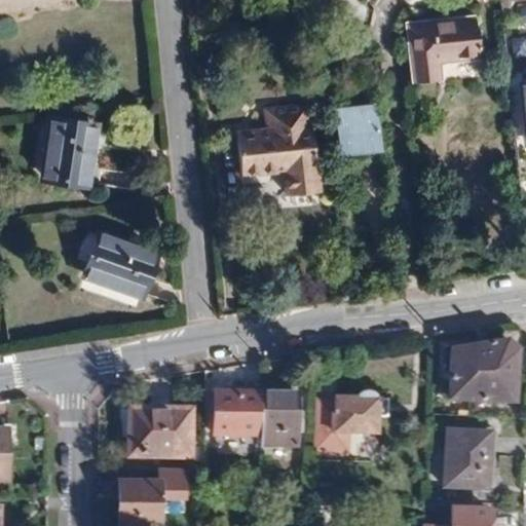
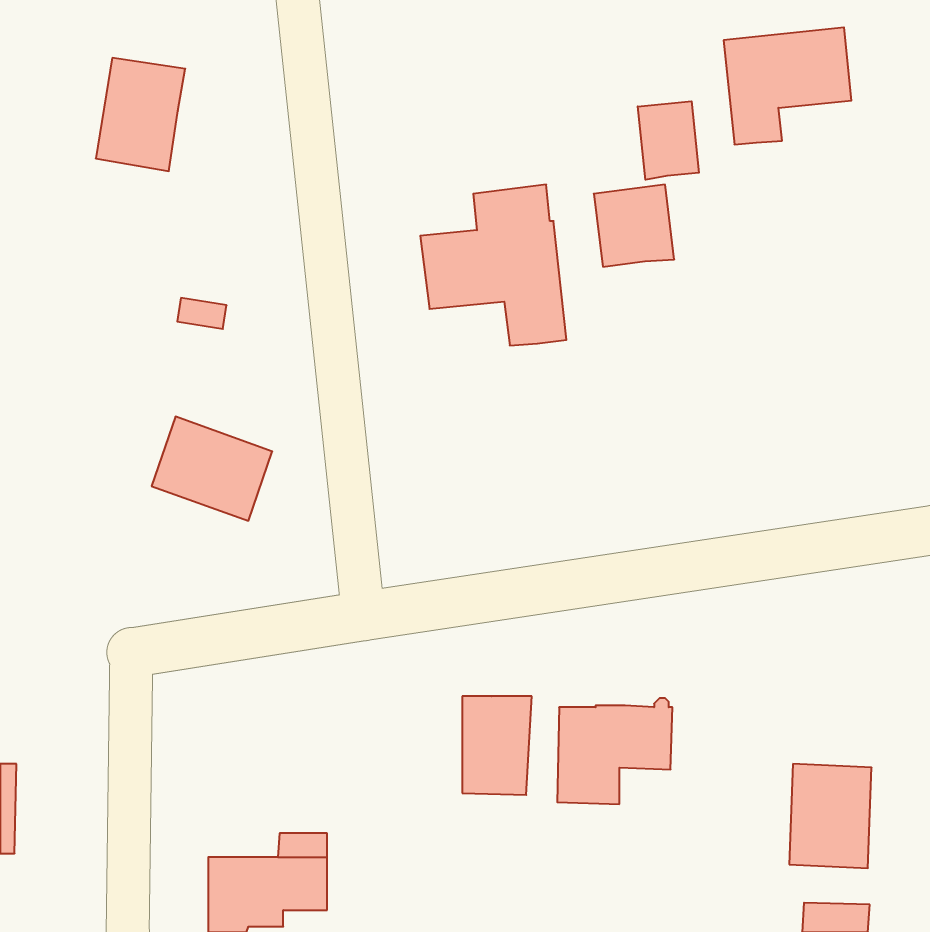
building: none -> [638,101,699,180]
building: [46,119,97,183] -> [96,58,185,171]
building: [451,339,520,402] -> none
building: [215,391,262,435] -> none
building: [130,408,191,455] -> none

